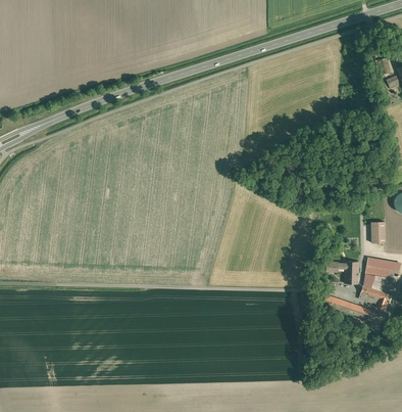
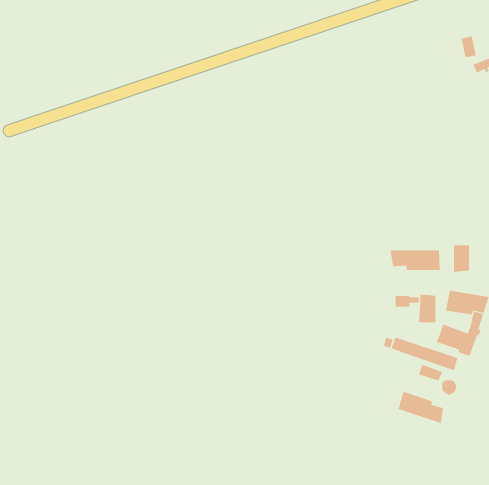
building: none -> [390,249,440,271]
building: none -> [398,391,444,424]

